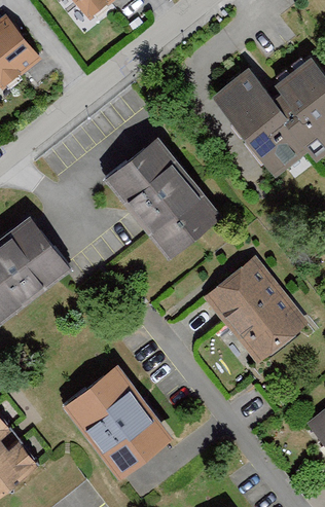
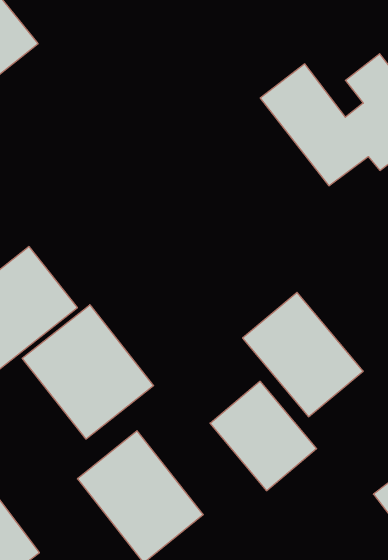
building: [109,140,220,255] -> none
building: none -> [22,305,154,439]
building: none -> [210,381,317,491]

